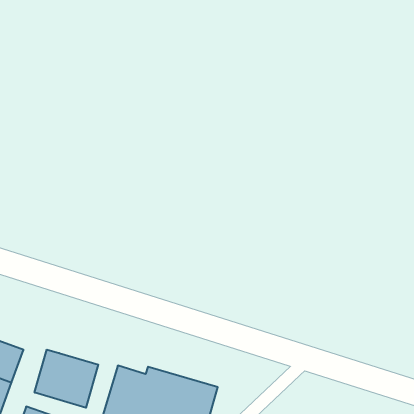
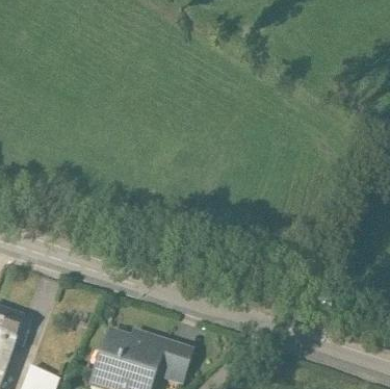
building: [35,350,98,408] -> none

